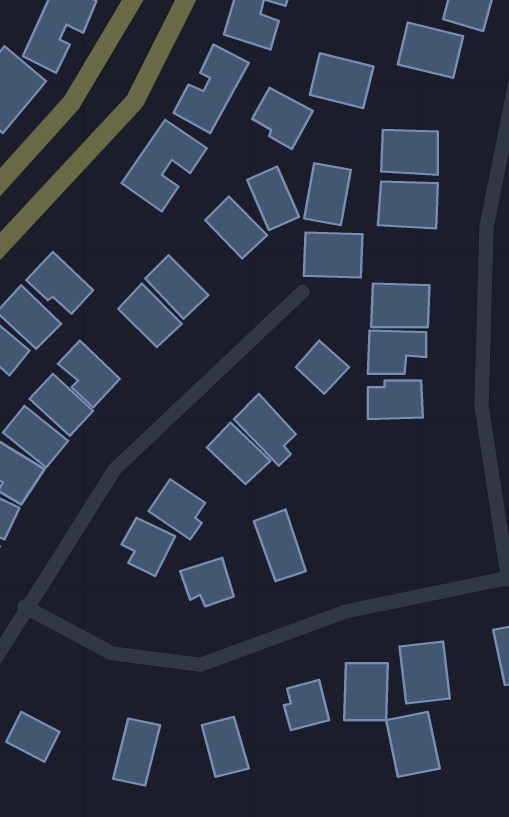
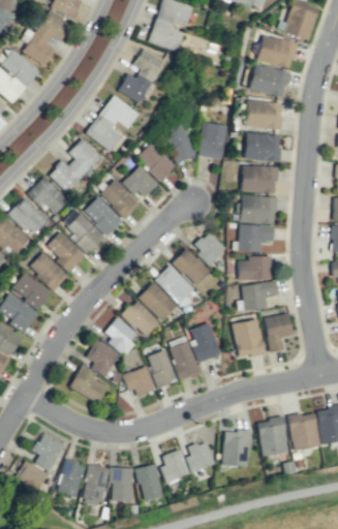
building: [310,53,373,108] -> [249,64,288,98]
building: [252,88,313,149] -> none
building: none -> [49,138,100,192]
building: [304,232,362,277] -> [241,165,277,193]
building: none -> [123,165,158,200]
building: none -> [67,213,104,254]
building: none -> [172,248,210,286]
building: none -> [241,281,278,311]
building: none -> [122,299,159,337]
building: none -> [264,313,293,352]
building: none -> [233,318,265,359]
building: none -> [191,323,220,362]
building: none -> [148,350,176,386]
building: none -> [69,366,107,404]
building: none -> [33,435,63,471]
building: none -> [160,449,189,483]
building: none -> [58,460,85,496]
building: [386,712,440,777] -> [287,411,320,452]
building: none -> [111,468,132,502]

